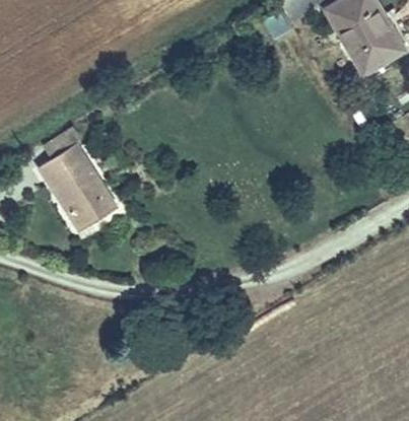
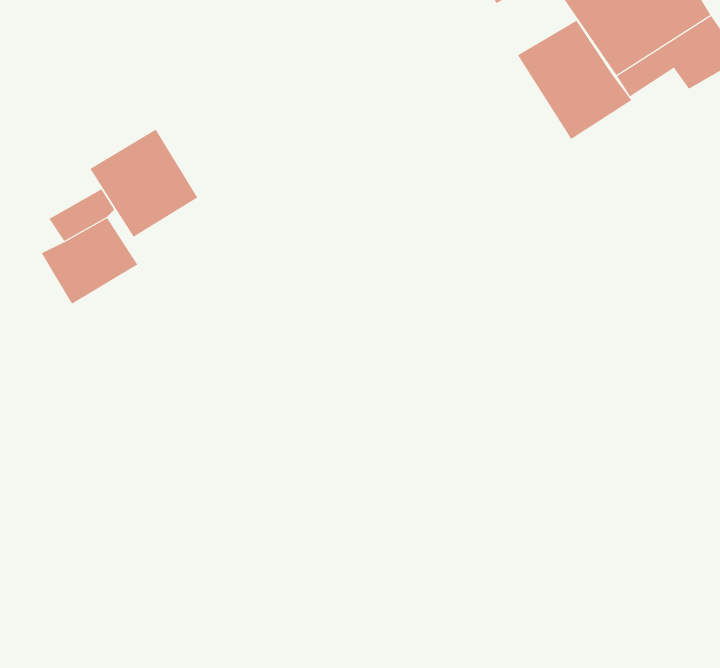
building: none -> [517,20,632,140]
building: [60,168,118,226] -> [89,129,198,237]

